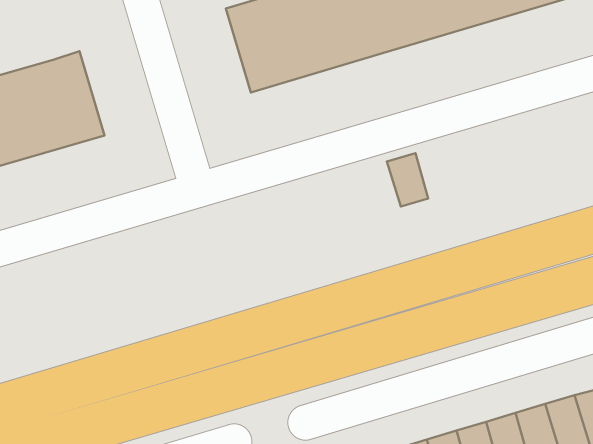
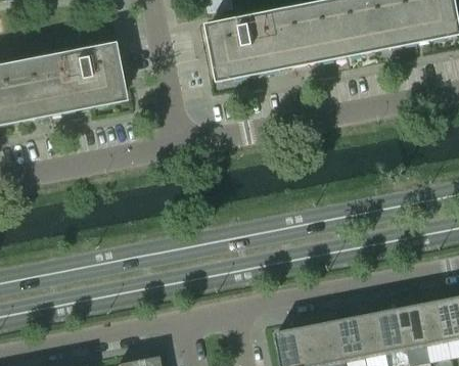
building: [387,153,428,206] -> none

